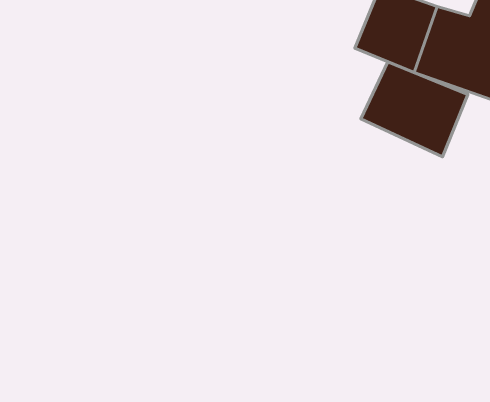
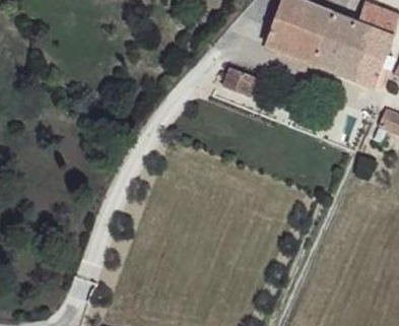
building: [361,62,468,157] -> none

